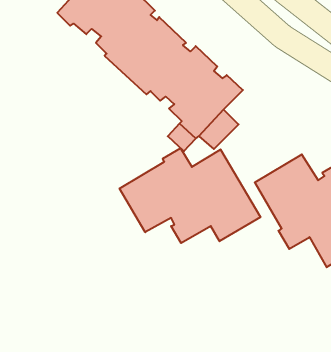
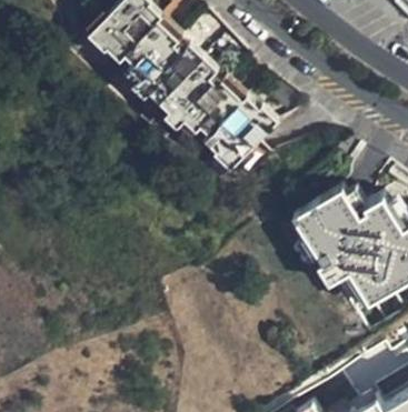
building: [120,148,260,243] -> none

